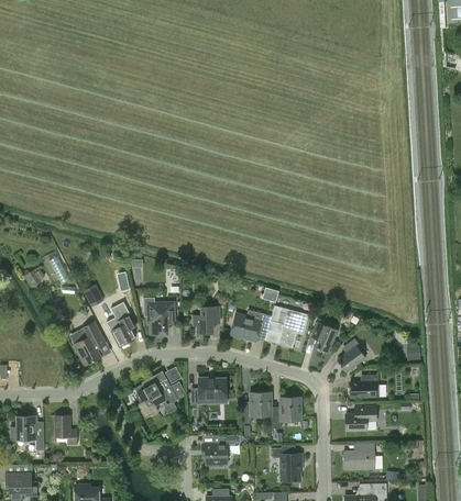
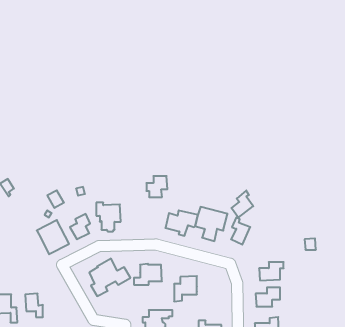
building: [194,307,220,333] -> [146,176,167,197]
building: [337,338,364,372] -> [231,190,253,218]
building: [271,398,300,428] -> none

